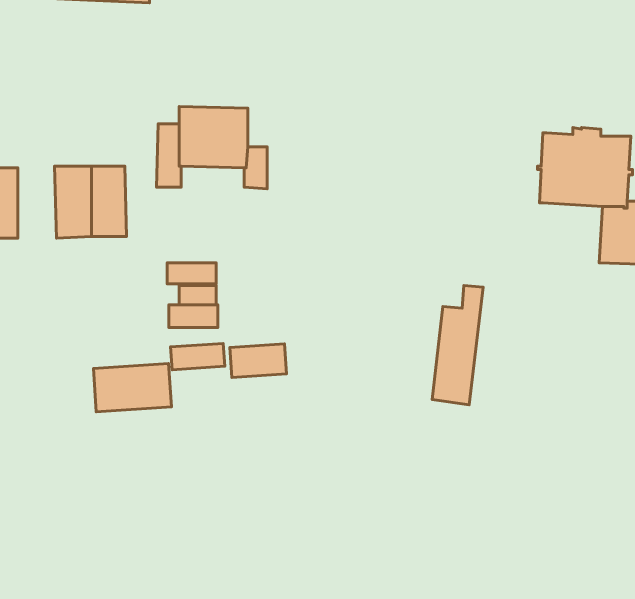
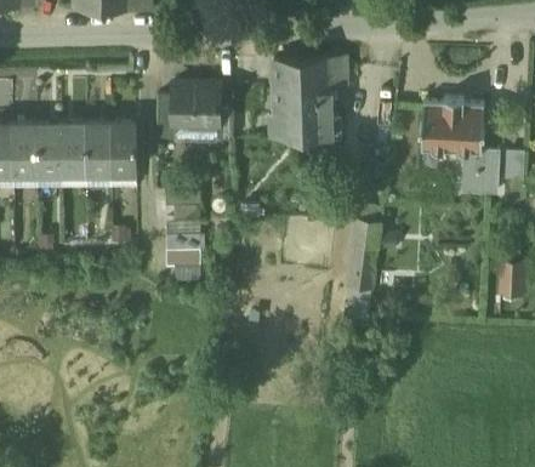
building: none -> [271,59,347,139]
building: none -> [61,126,87,176]
building: [230,344,286,377] -> none
building: [93,363,172,412] -> none

